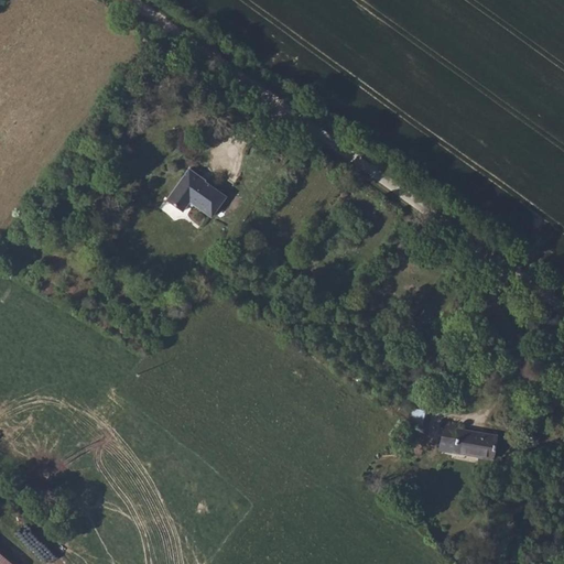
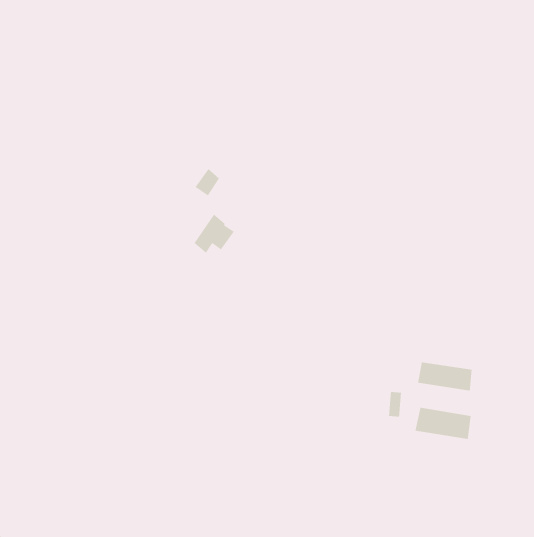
building: [174,160,217,202] -> [194,214,235,254]
building: none -> [417,361,473,392]

